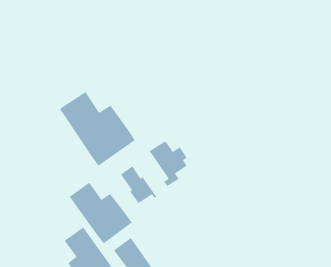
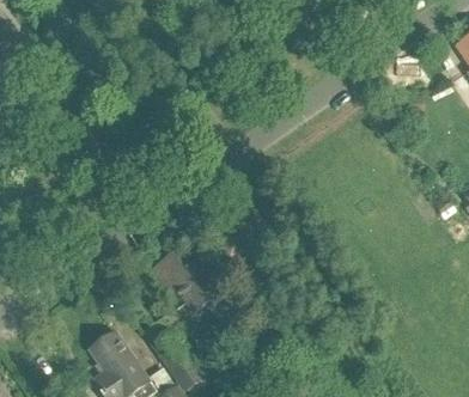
building: [59,91,135,166] -> none
building: [69,182,132,244] -> none

